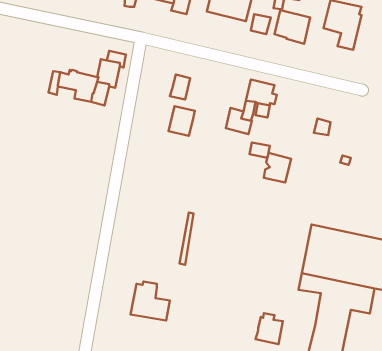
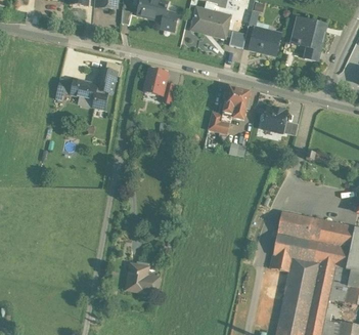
building: [169,106,195,136] -> [144,69,167,94]
building: [264,153,291,183] -> [263,106,286,131]
building: [255,313,283,344] -> none

